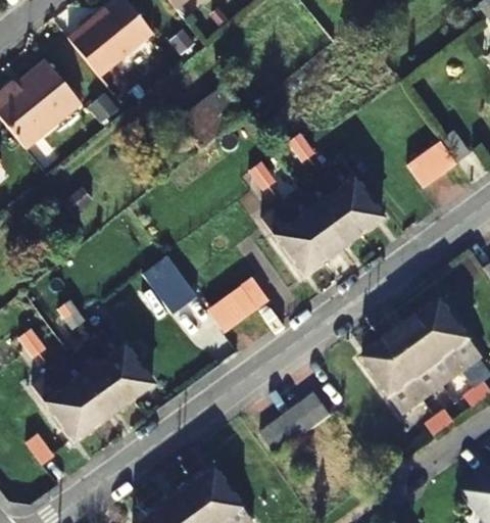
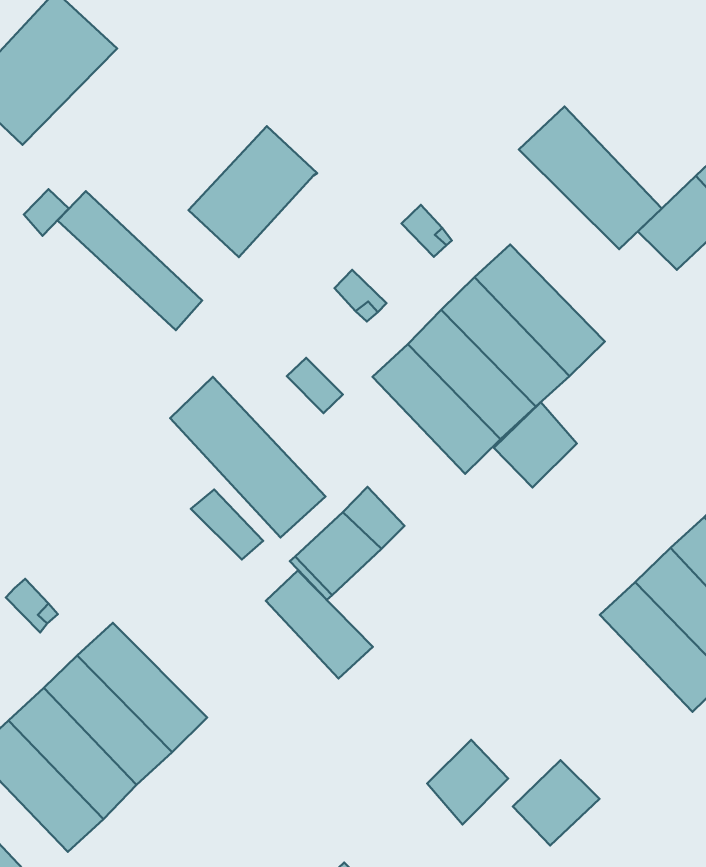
building: none -> [519,107,662,249]
building: none -> [57,191,202,330]
building: none -> [170,377,325,538]
building: none -> [494,402,577,488]
building: none -> [266,571,373,679]
building: [287,392,332,435] -> [513,760,600,845]

